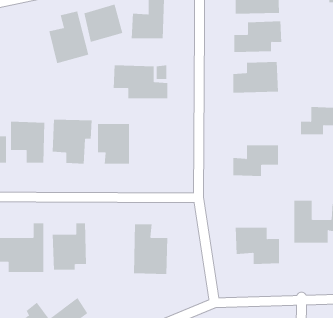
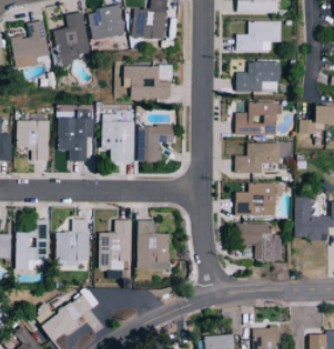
building: none -> [11,20,51,70]
building: none -> [235,102,283,136]
building: none -> [142,125,171,162]
building: none -> [234,183,283,216]
building: none -> [100,219,133,270]

